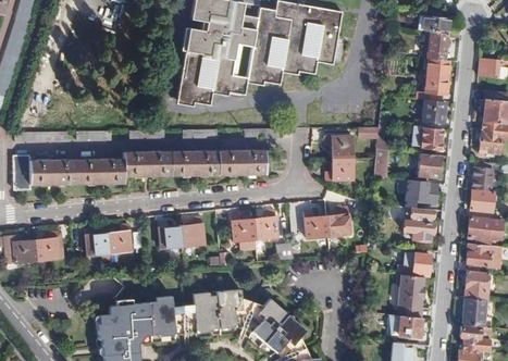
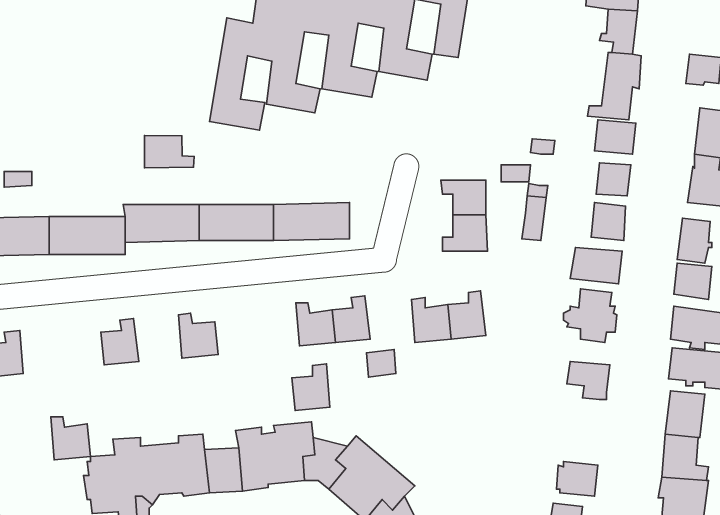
building: none -> [145,136,194,168]
building: [181,217,205,247] -> [292,364,330,411]
building: [86,228,111,256] -> [51,417,91,460]
building: [396,273,425,316] -> none

